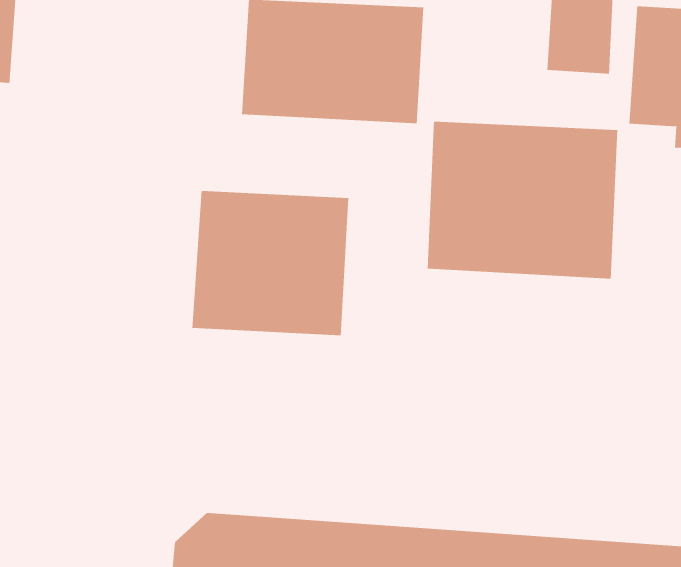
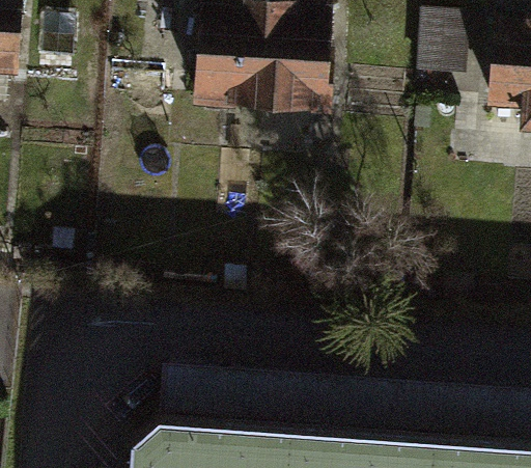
building: [427,121,618,279] -> none
building: [192,190,349,336] -> none

